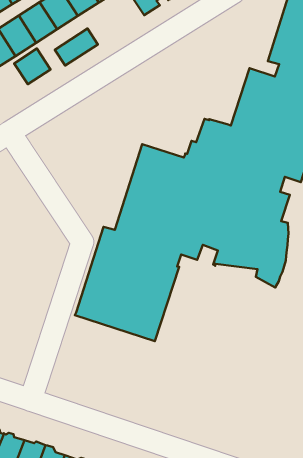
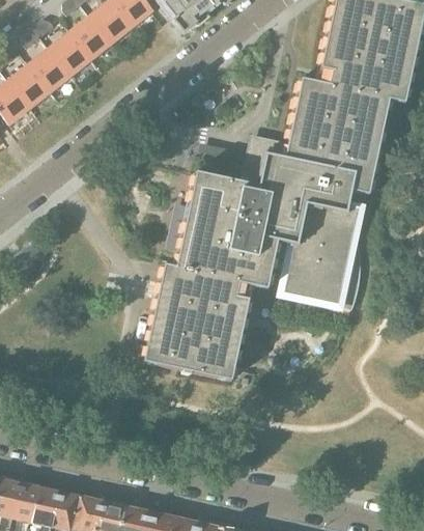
building: [55,29,98,66] -> none
building: [14,49,50,84] -> none

